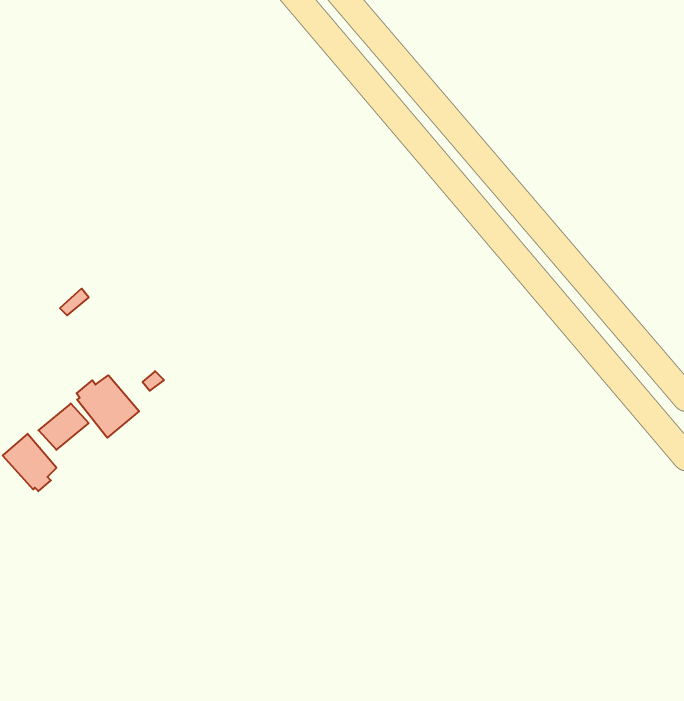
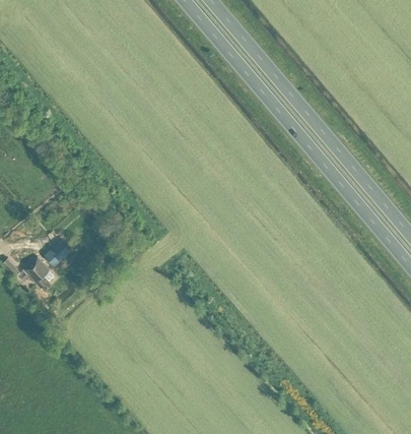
building: [77,375,139,438] -> none

